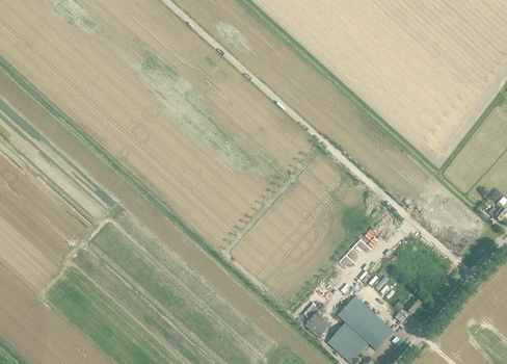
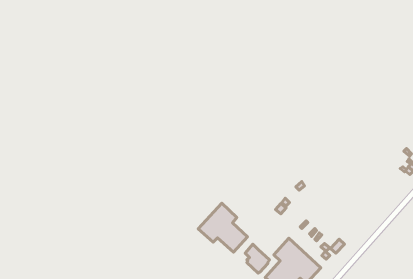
building: none -> [198,203,248,252]

